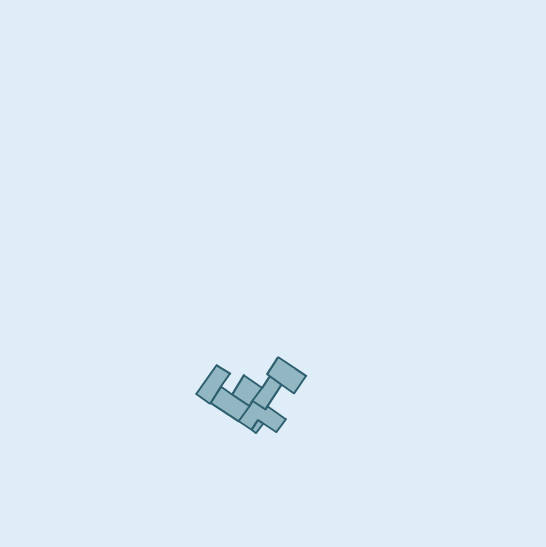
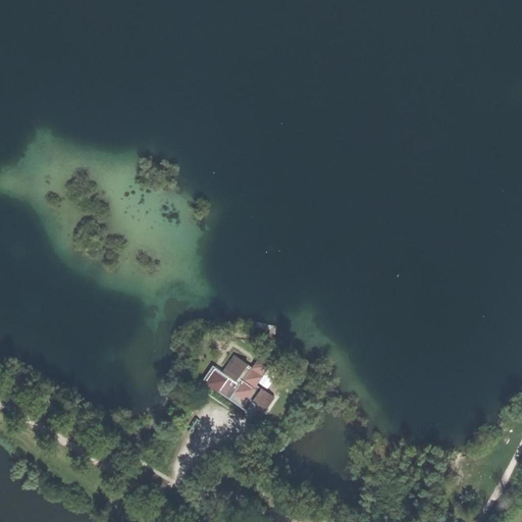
building: [267,357,306,393] -> none
building: [196,365,230,404] -> none

